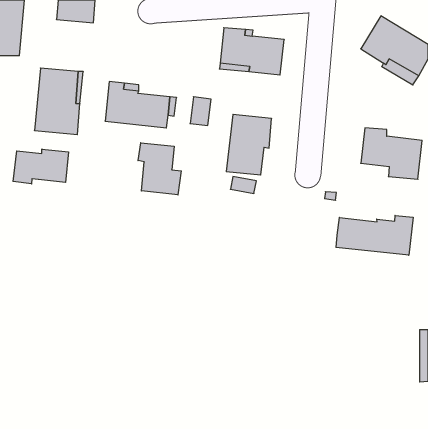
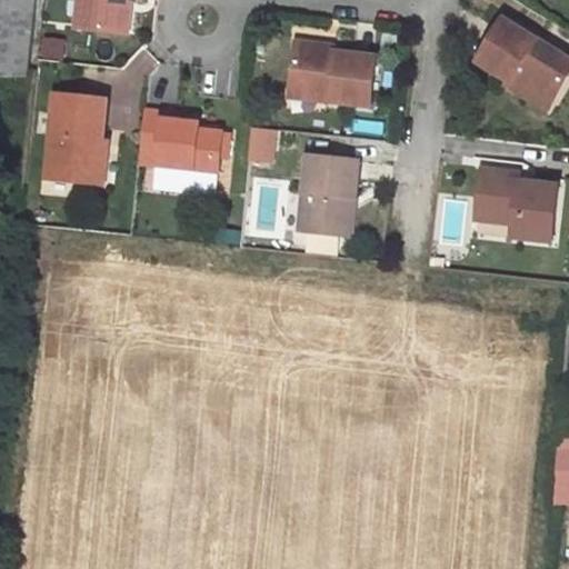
building: [138,143,181,195] -> none
building: [13,149,68,184] -> none
building: [336,215,413,255] -> none

